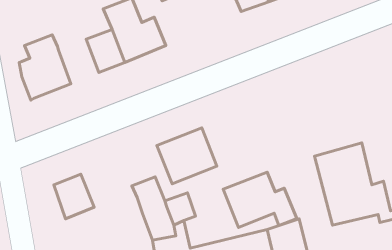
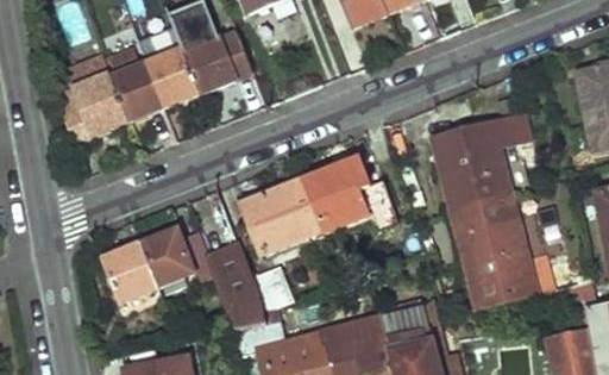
building: none -> [107,46,164,120]
building: none -> [431,113,533,217]
building: none -> [140,225,215,285]
building: [223,172,297,227] -> [301,156,398,230]

